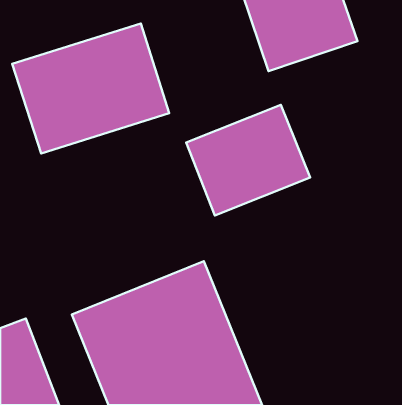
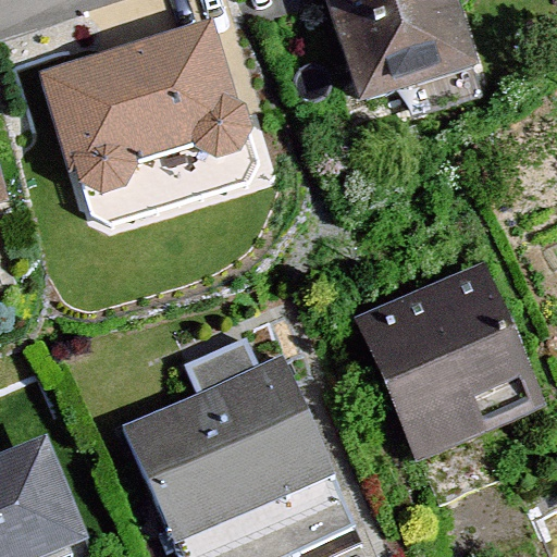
building: [186,105,310,216] -> none
building: none -> [346,250,541,456]

